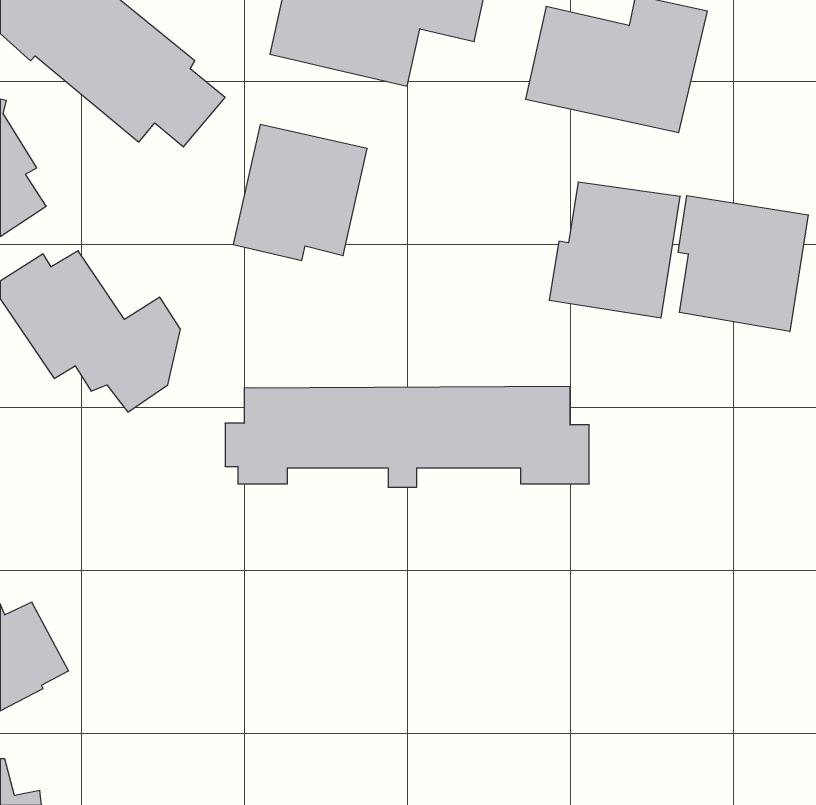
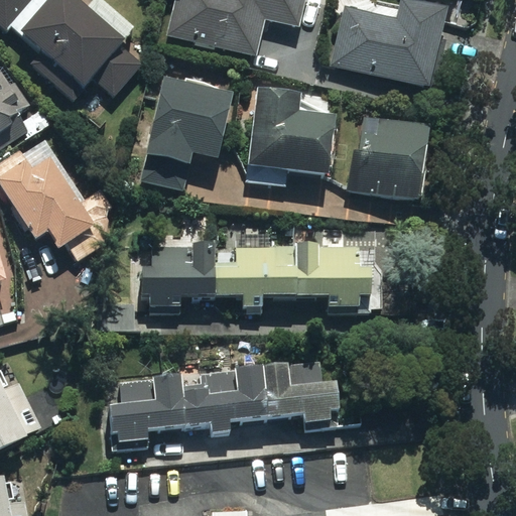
building: none -> [249,89,336,174]
building: [678,196,808,332] -> none
building: none -> [108,361,341,441]

